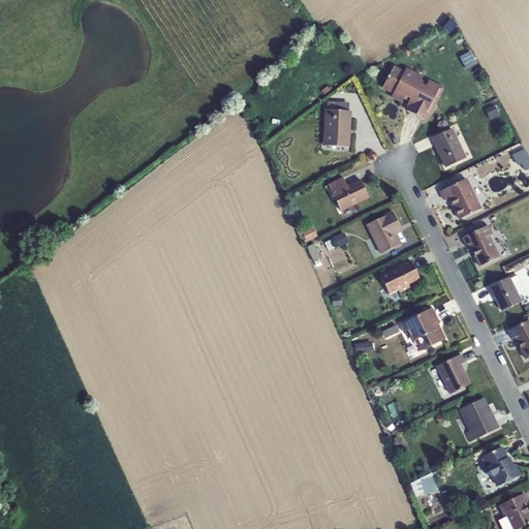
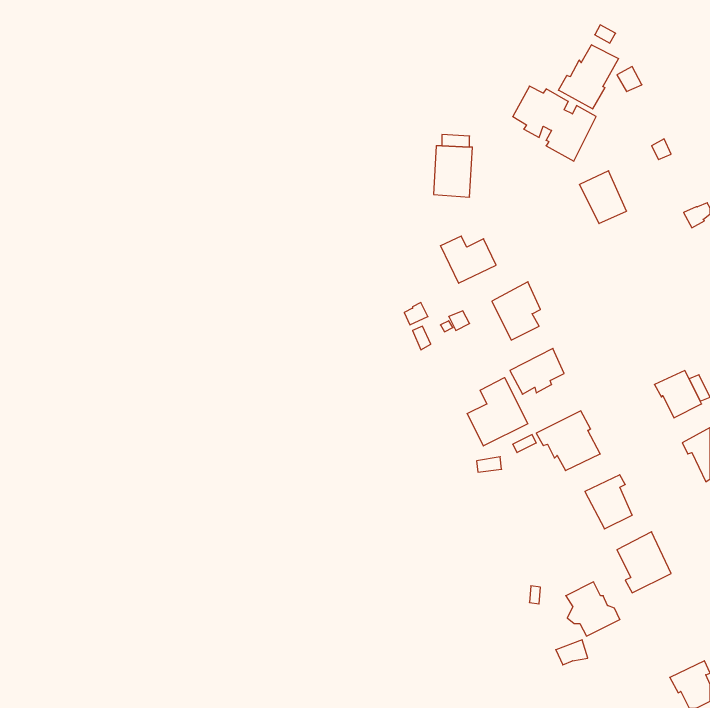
building: none -> [558,45,619,109]
building: [439,177,481,218] -> none
building: [462,223,500,266] -> none
building: none -> [467,378,528,446]
building: [481,445,522,486] -> [566,582,620,636]

